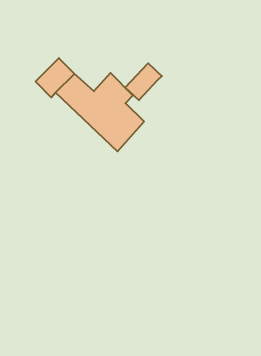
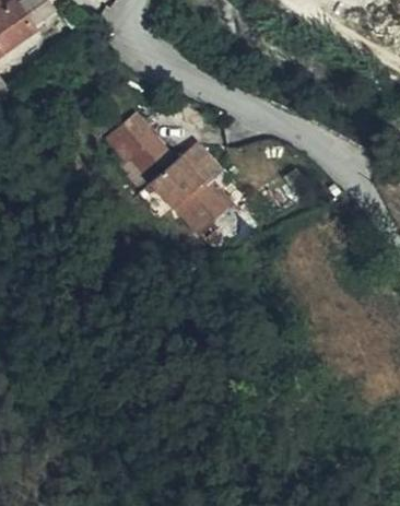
building: [125,63,162,100] -> none

